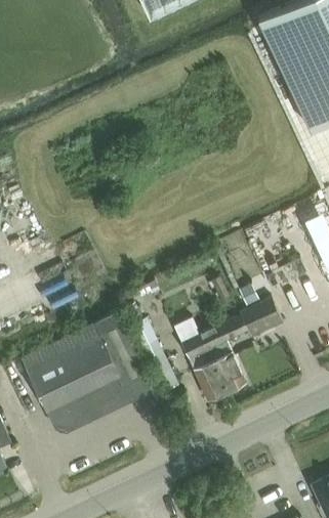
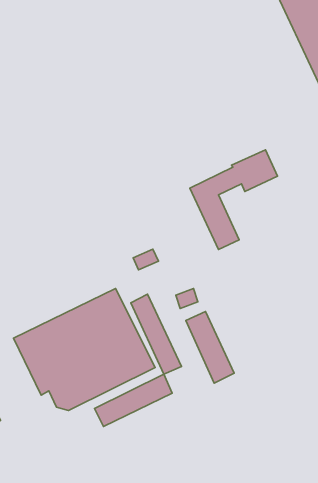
building: [200,301,282,394] -> [190,150,278,250]
building: none -> [94,374,172,427]

